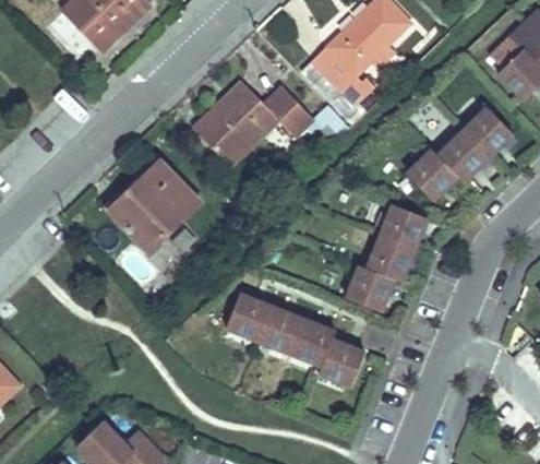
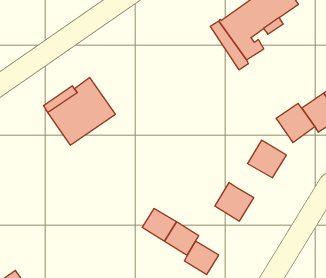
building: [194,84,313,166] -> none
building: [368,236,415,282] -> none
building: [223,299,269,340] -> none

